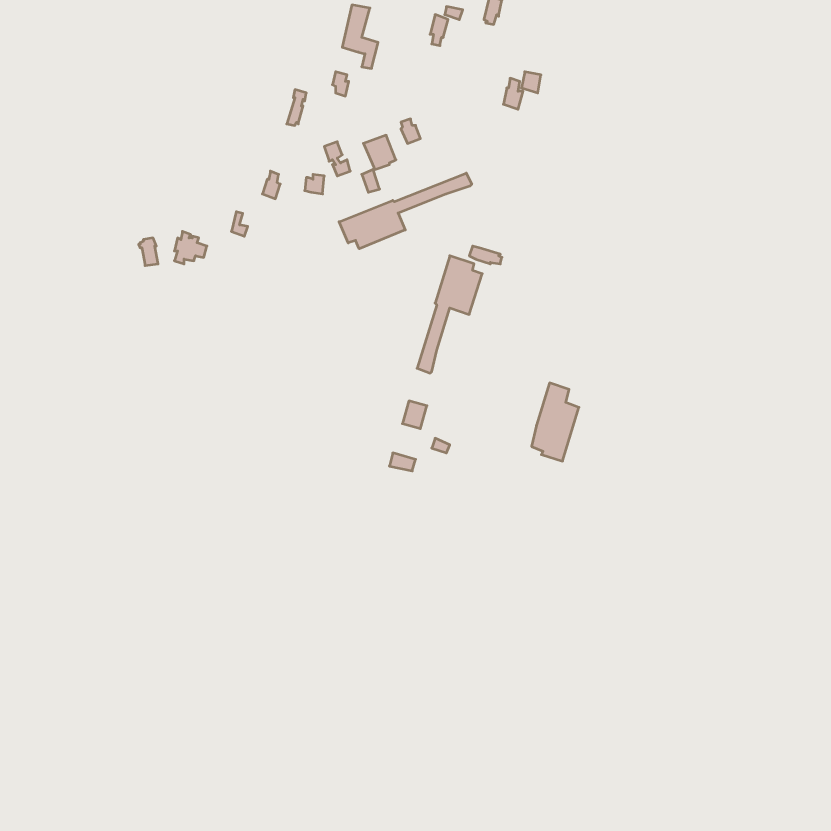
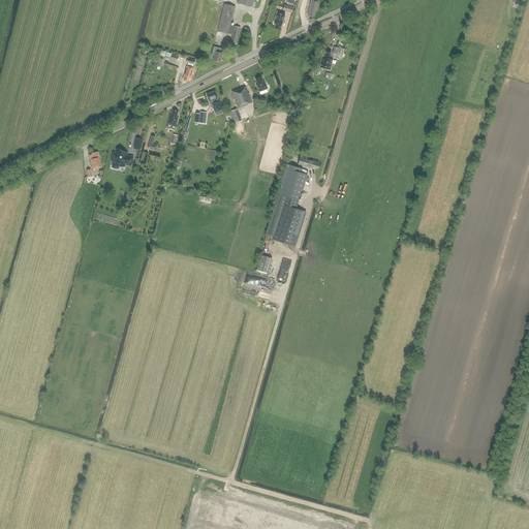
building: [339,173,472,249] -> none
building: [532,383,579,461] -> [274,195,304,245]

